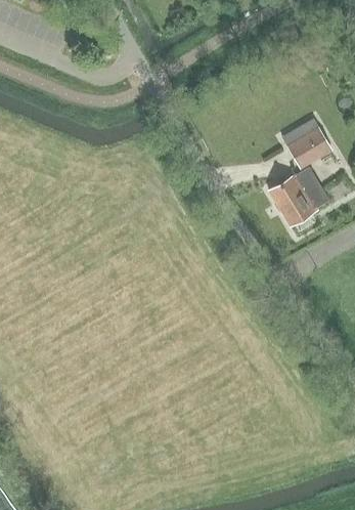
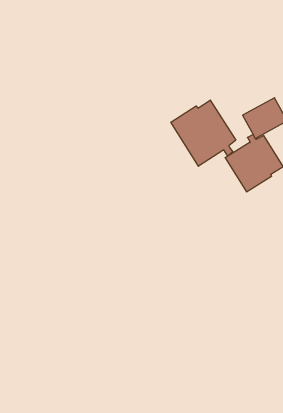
building: none -> [171,100,236,166]

